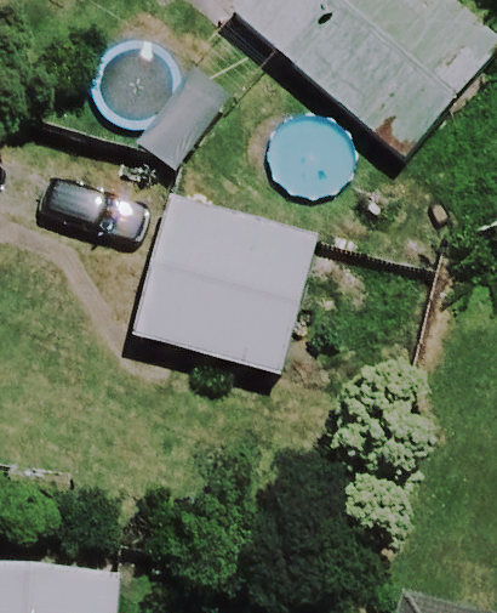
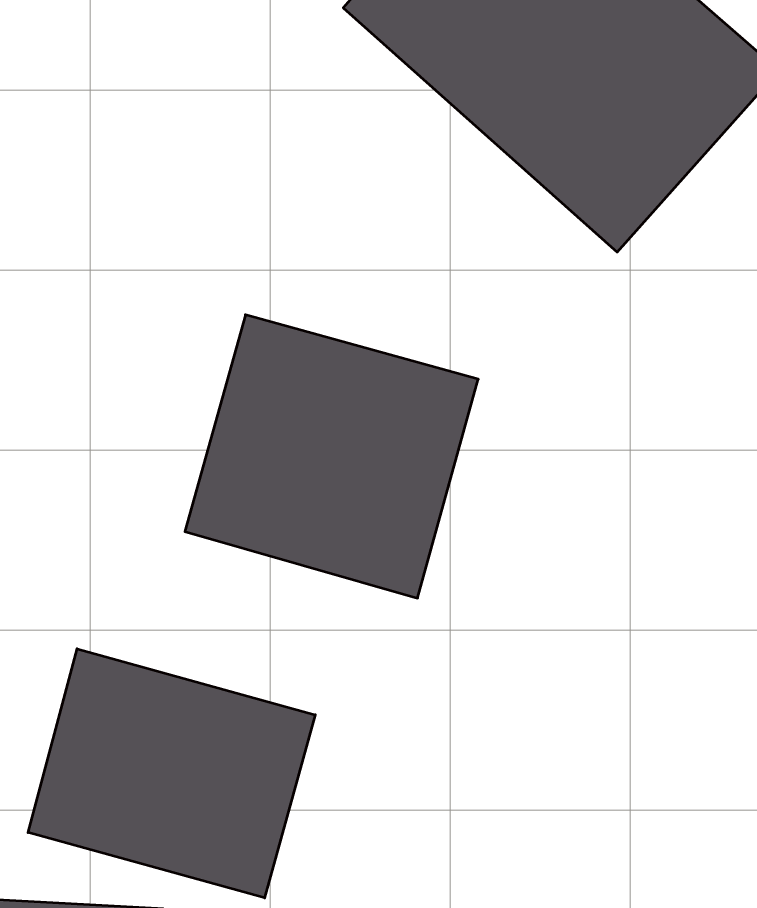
building: none -> [28,649,315,898]

